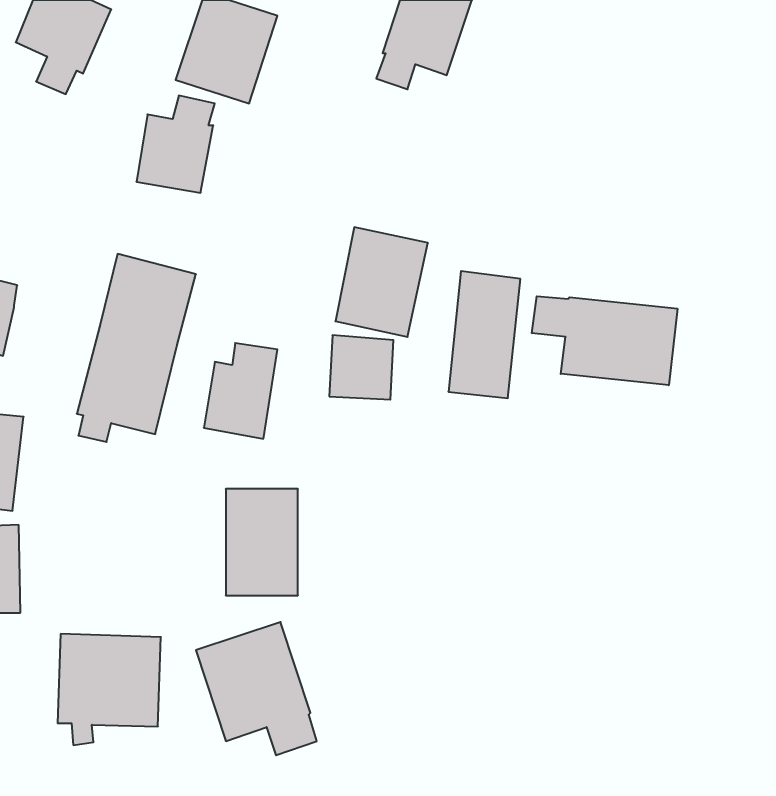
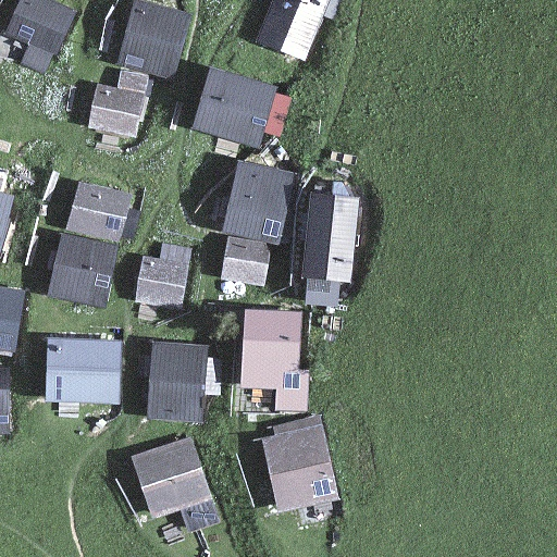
building: none -> [206,66,292,140]
building: [532,296,677,385] -> none
building: none -> [253,308,304,384]
building: none -> [267,413,345,510]
building: [58,634,161,745] -> [53,337,125,414]

